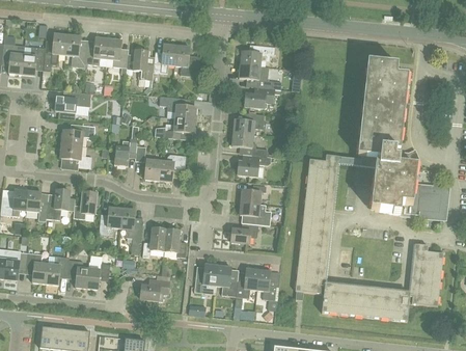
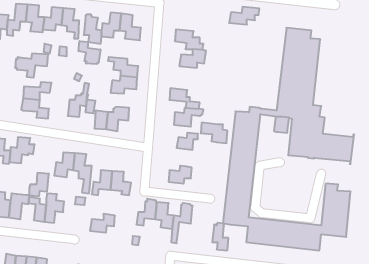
building: [239,45,274,65] -> [229,7,259,25]
building: none -> [79,41,100,64]
building: [232,112,263,134] -> none
building: [73,191,95,218] -> [29,173,49,196]
building: [239,201,270,225] -> [201,123,227,143]
building: [256,267,275,299] -> [212,223,228,250]

